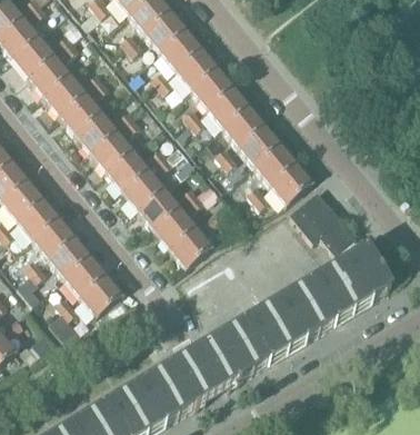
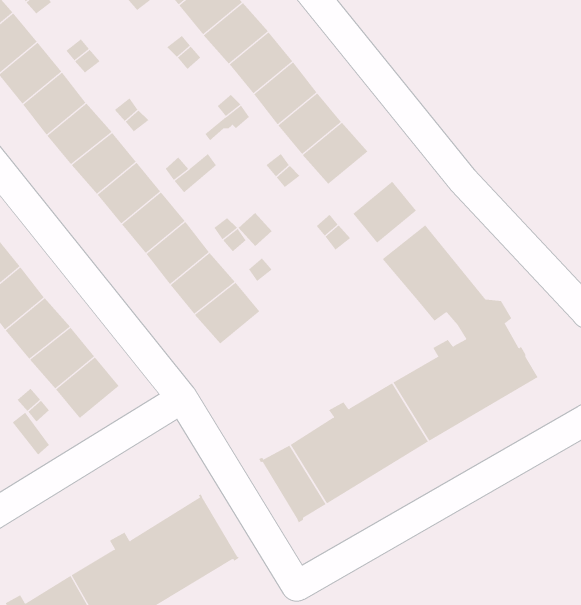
building: [253,141,294,181] -> none
building: [172,338,234,402] -> none

